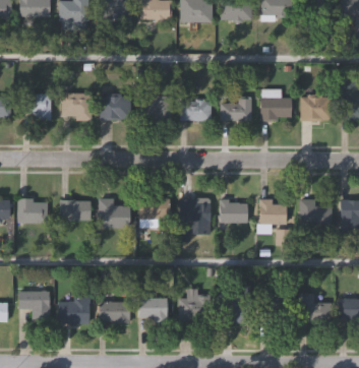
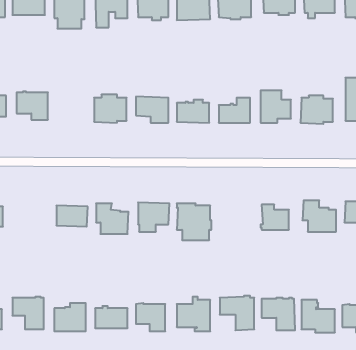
building: [60,94,91,122] -> none
building: [18,200,48,225] -> none
building: [221,200,249,225] -> none

